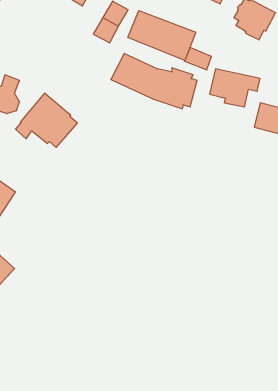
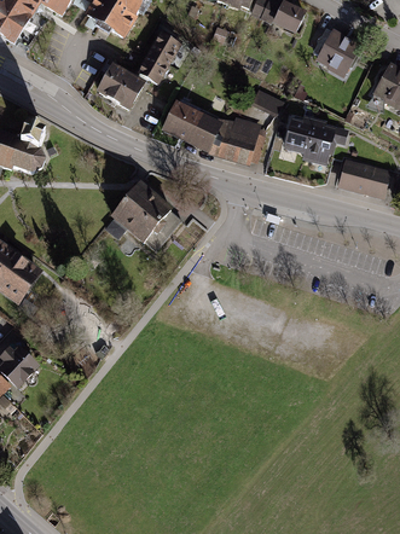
building: [128,11,196,61] -> none
building: none -> [95,62,145,109]
building: [15,93,77,147] -> [105,184,182,251]

